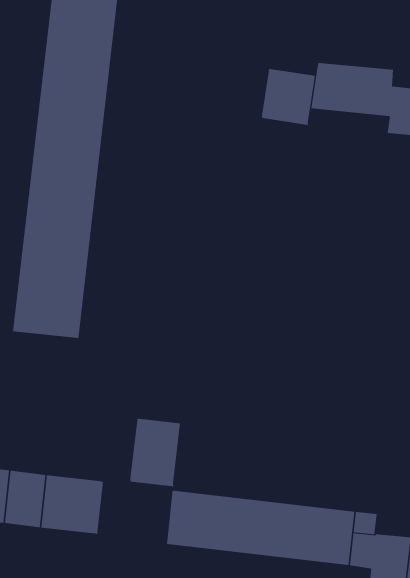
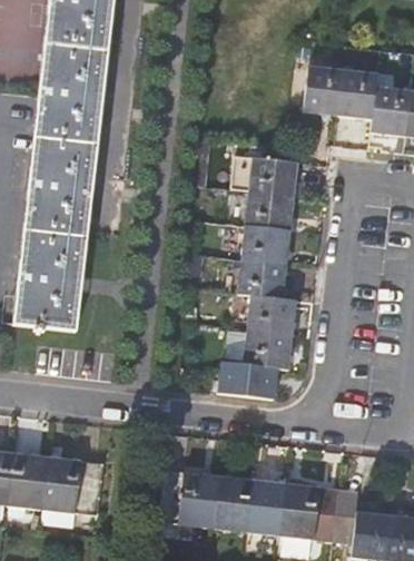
building: [261,68,316,126] -> none
building: none -> [215,152,293,395]
building: [130,418,181,487] -> none

